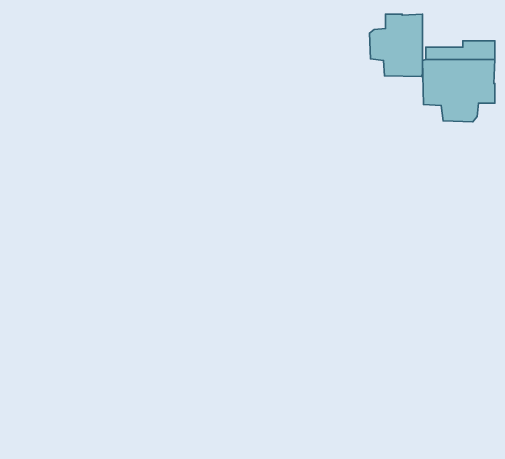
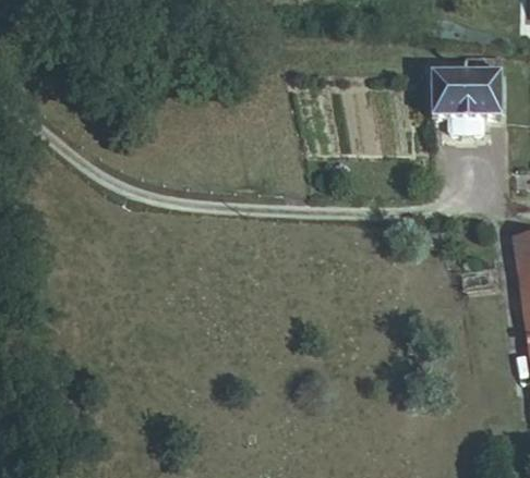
building: [370,14,422,77] -> none

